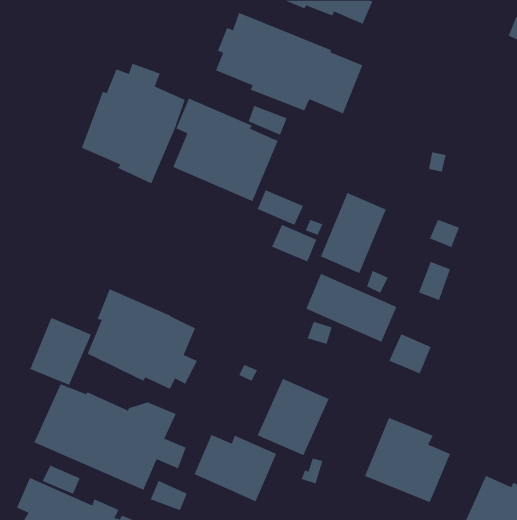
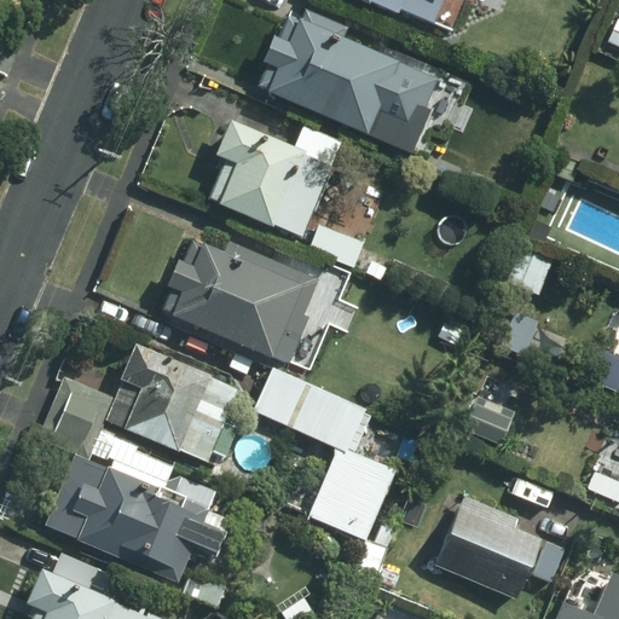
building: [81,63,186,184] -> none
building: [320,192,386,274] -> none
building: none -> [161,241,317,363]
building: [305,273,397,342] -> [255,369,364,451]
building: [194,434,277,502] -> none

